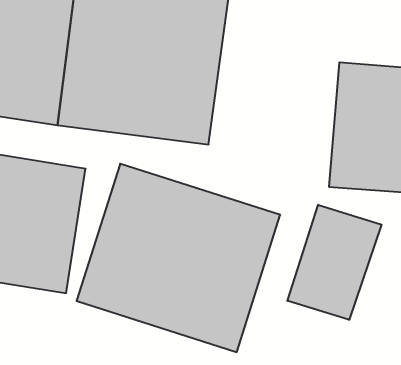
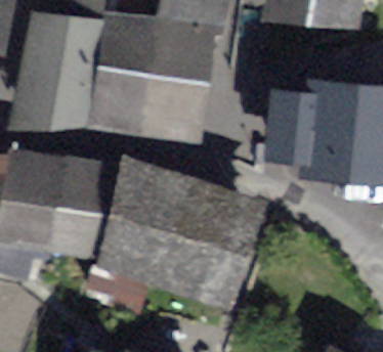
building: [287,205,382,320] -> none

